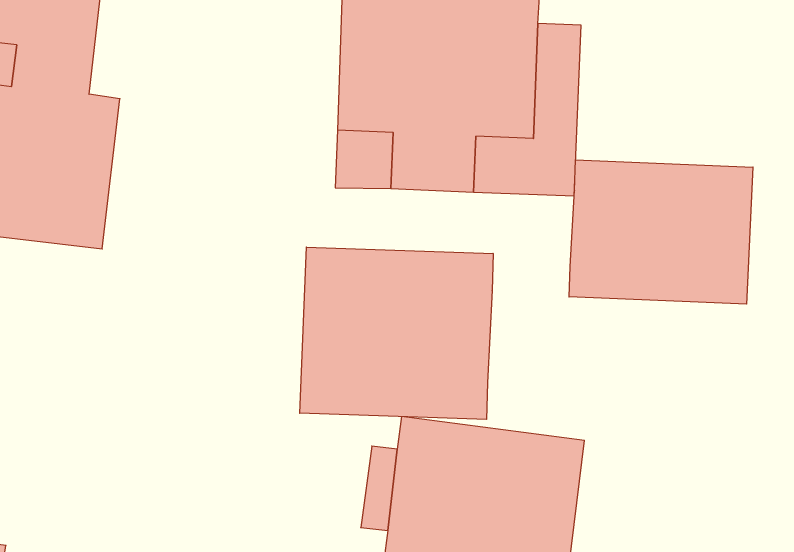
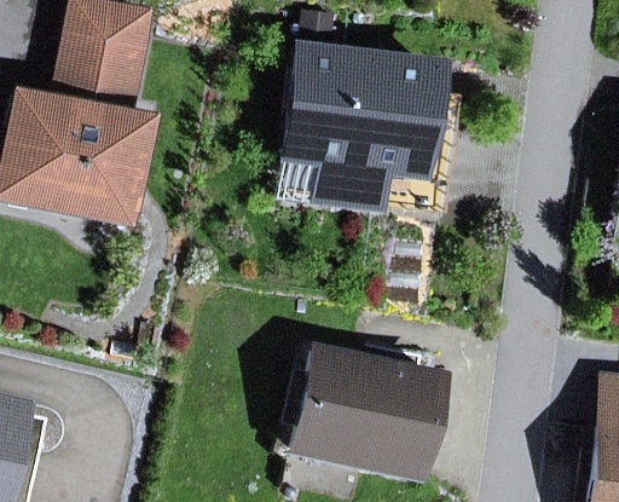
building: [569,160,753,304] -> none
building: [300,247,493,419] -> none

